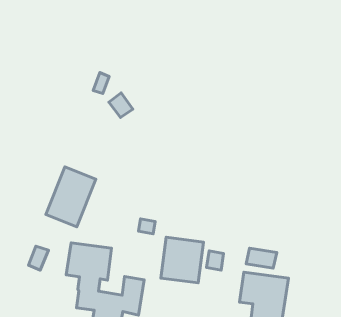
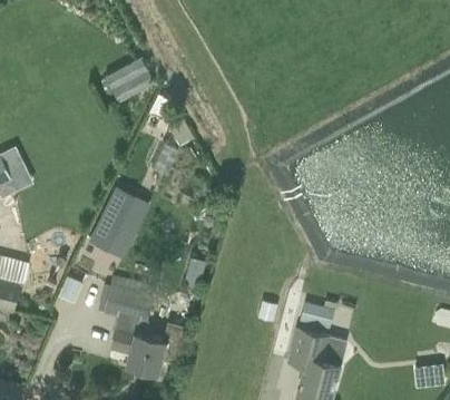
building: none -> [105,56,155,99]
building: [161,237,203,283] -> none

